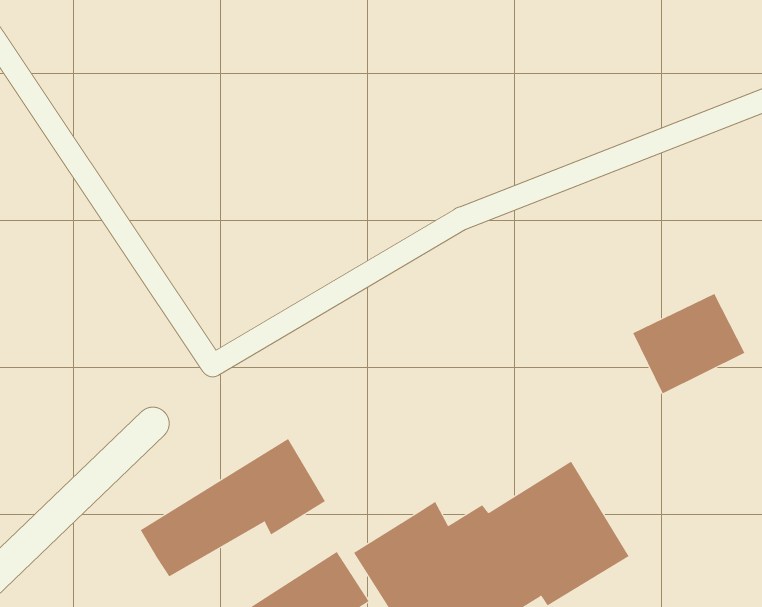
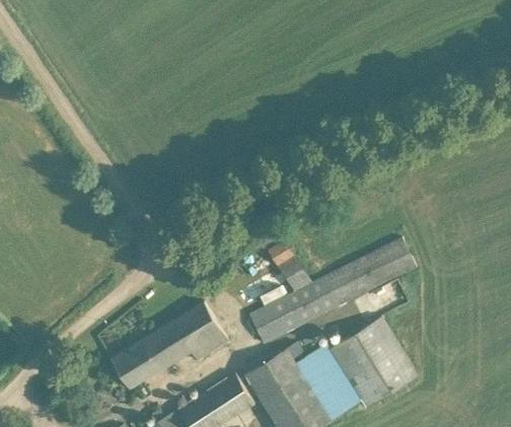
building: [633,293,745,394] -> none
building: none -> [248,238,416,344]

